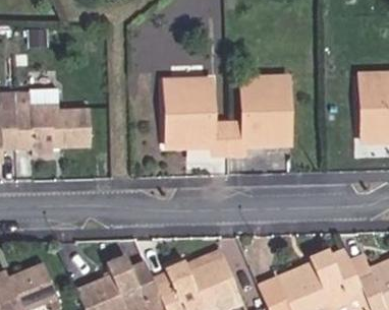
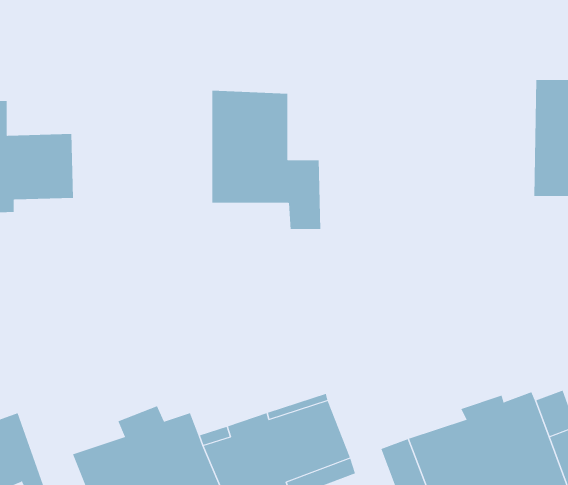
building: [226,78,290,160] -> none

